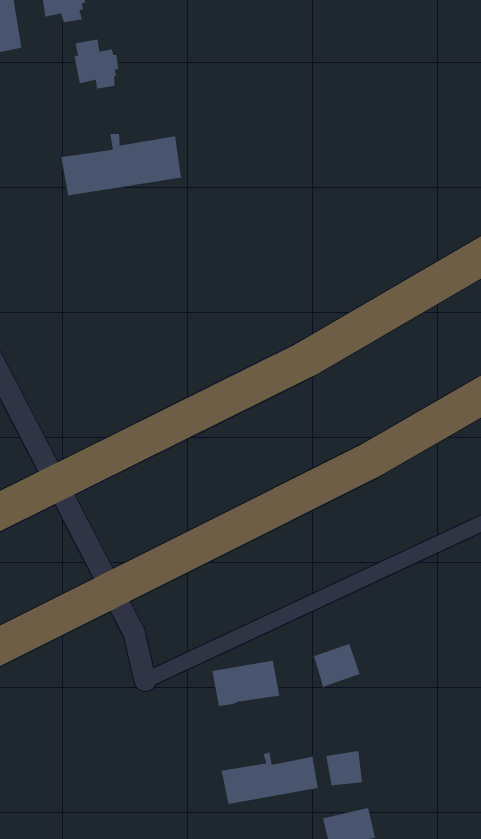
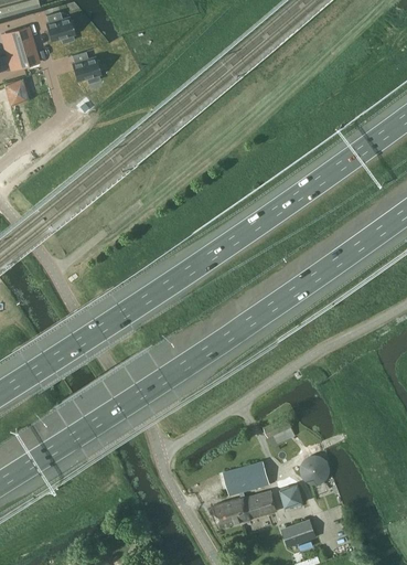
building: [61,133,182,196] -> none
building: [211,660,280,706] -> [223,461,268,494]
building: none -> [300,456,328,482]

